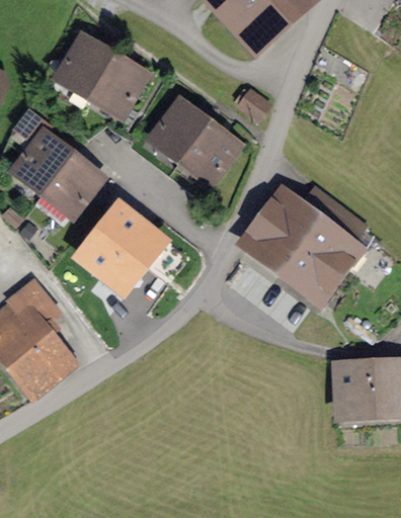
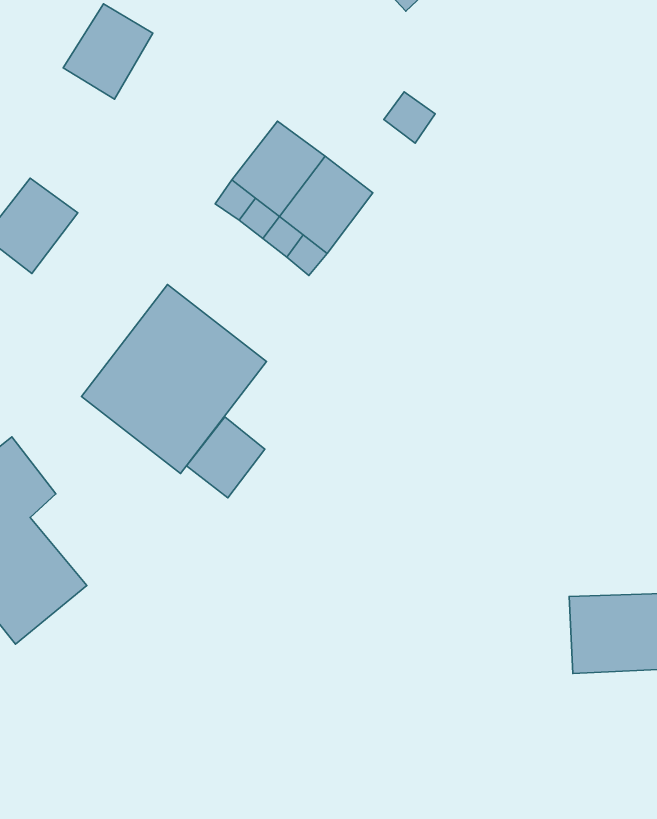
building: [89,58,139,110] -> none
building: [44,157,95,210] -> none
building: [245,169,367,294] -> none
building: none -> [186,417,265,498]

